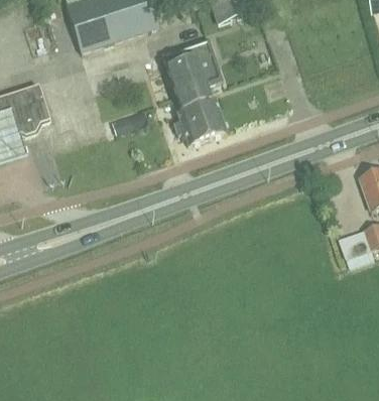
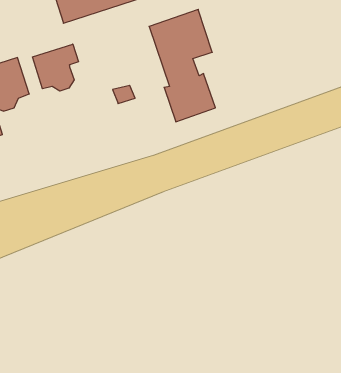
building: none -> [33,44,78,91]

